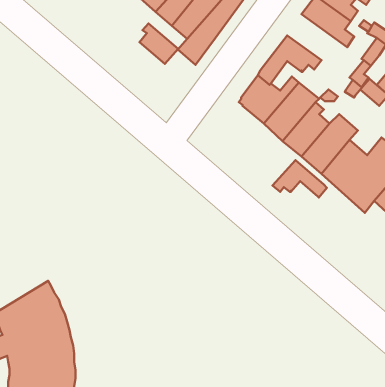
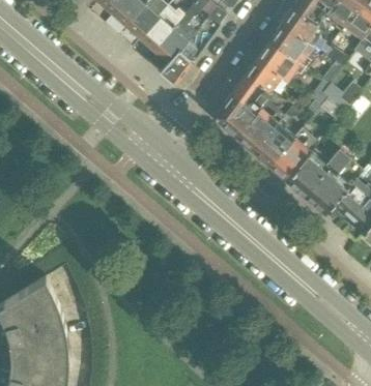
building: none -> [257,40,310,81]
building: [139,23,178,64] -> none
building: [273,160,327,197] -> none

